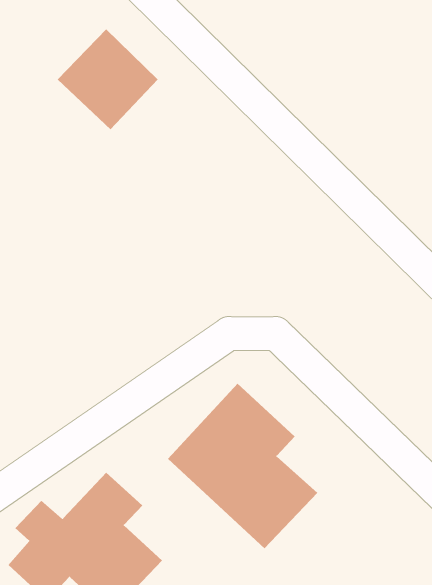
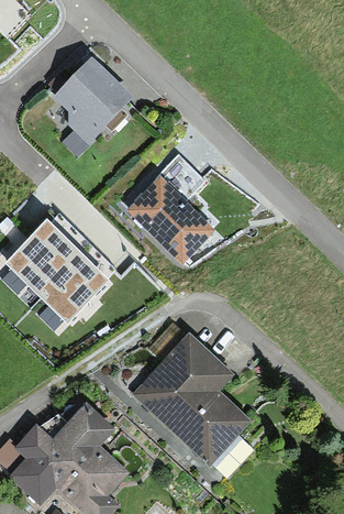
building: none -> [120,147,220,266]
building: none -> [9,226,103,319]

